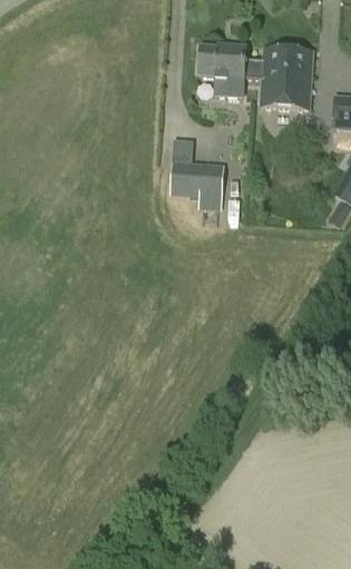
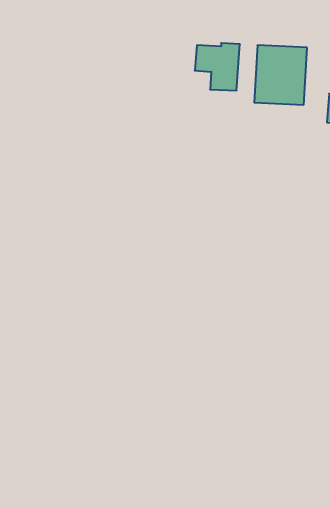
building: [169,138,223,204] -> none

